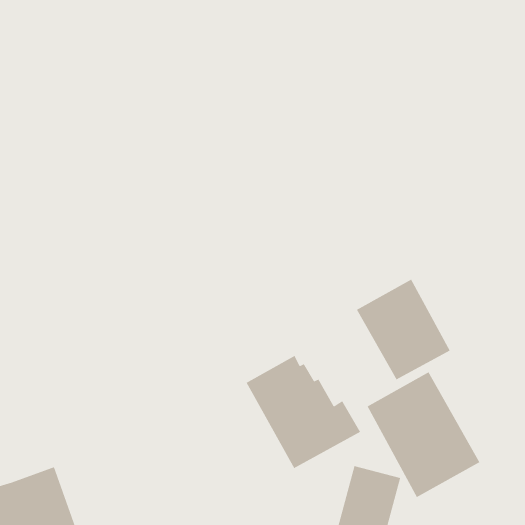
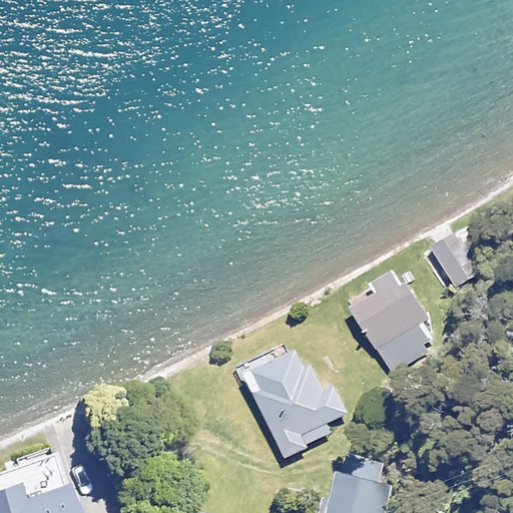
building: none -> [431,233,485,287]
building: [366,371,481,498] -> none

